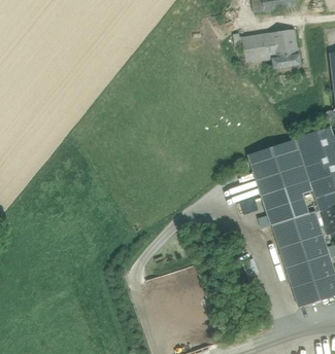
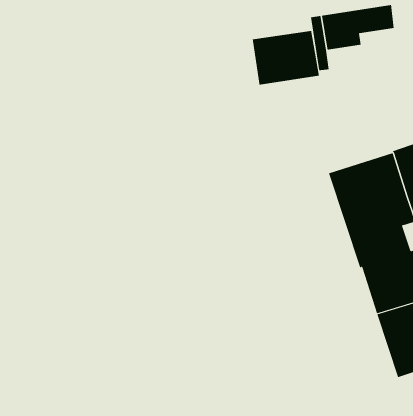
building: [270,46,300,68] -> none
building: none -> [252,30,319,86]

